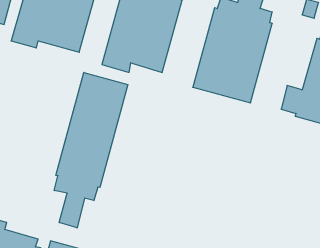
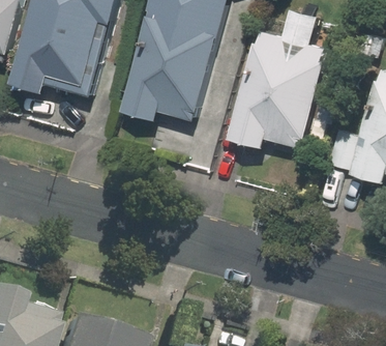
building: [54,72,128,228] -> none

